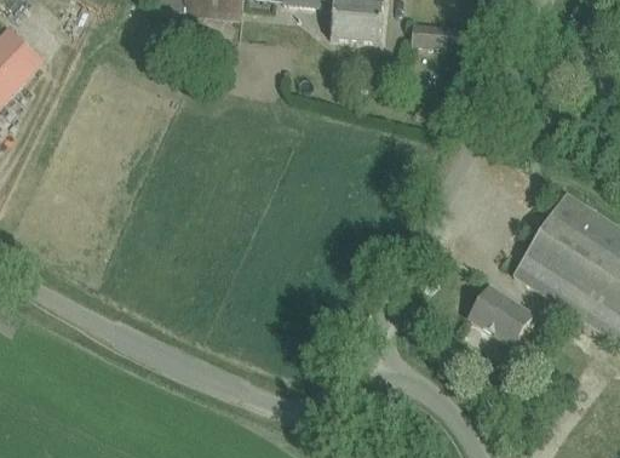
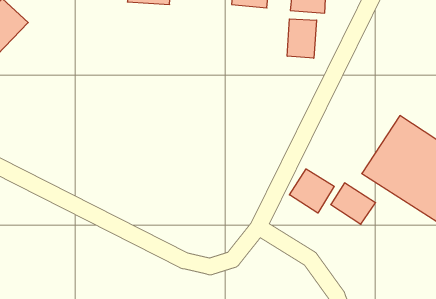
building: none -> [287,19,317,58]
building: none -> [289,169,334,213]

